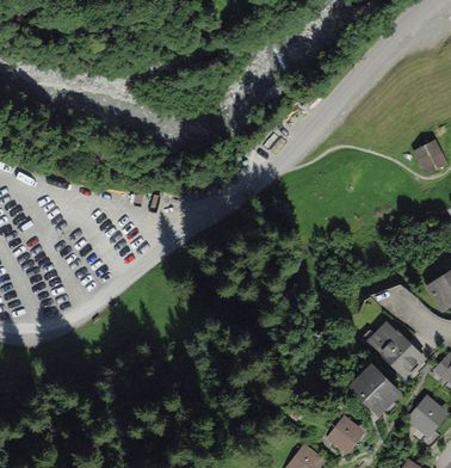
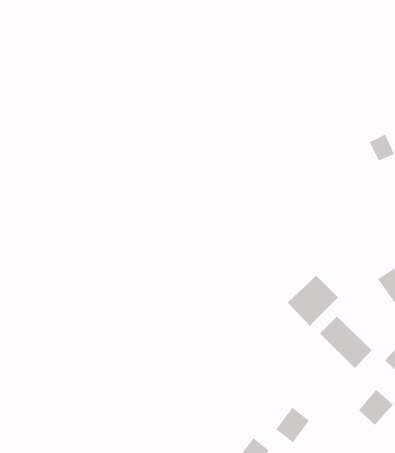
building: none -> [287,275,339,326]
building: [350,365,396,412] -> none

